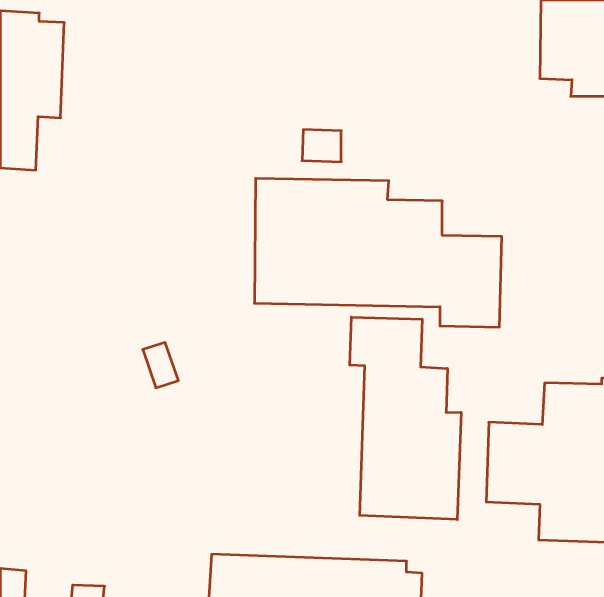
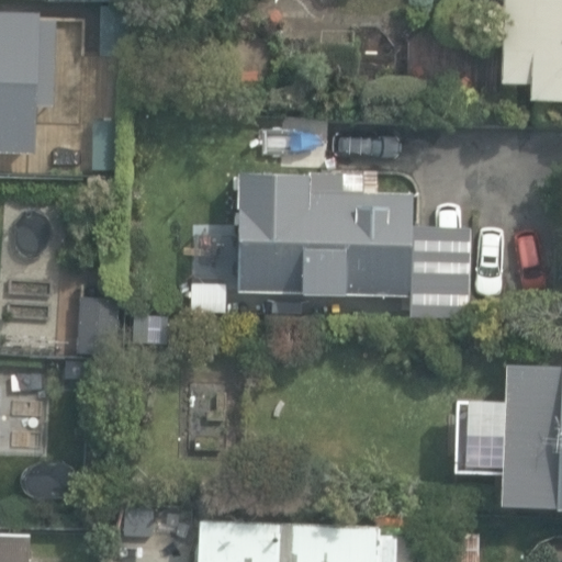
building: [350,317,461,520] -> none

